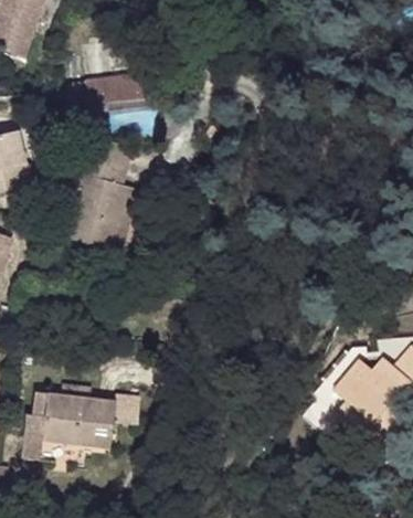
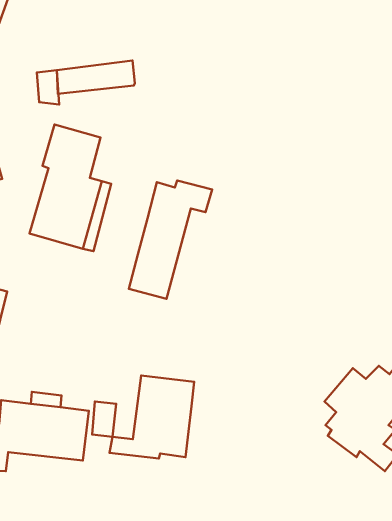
building: none -> [129,181,212,299]
building: none -> [109,375,194,459]

